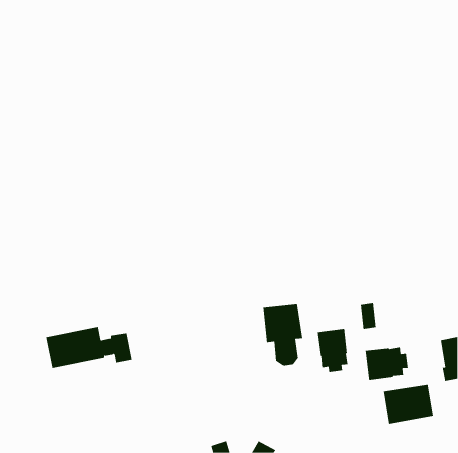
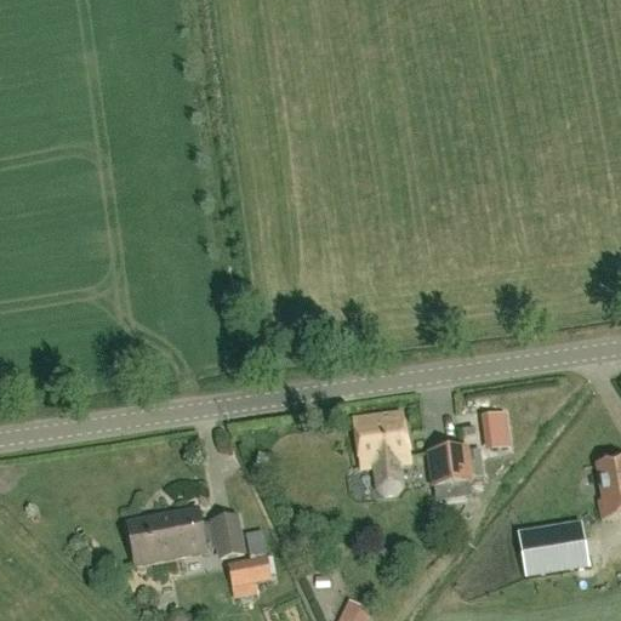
building: [46,327,133,369] -> [126,506,244,563]
building: [365,347,409,381] -> none
building: none -> [228,553,272,598]

